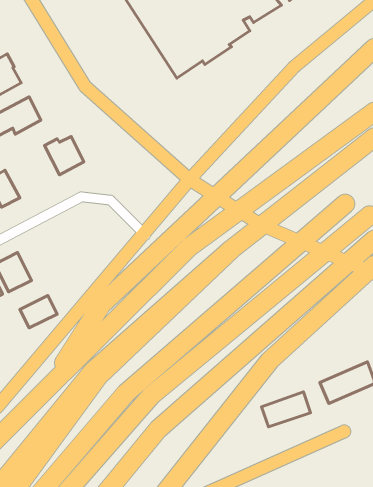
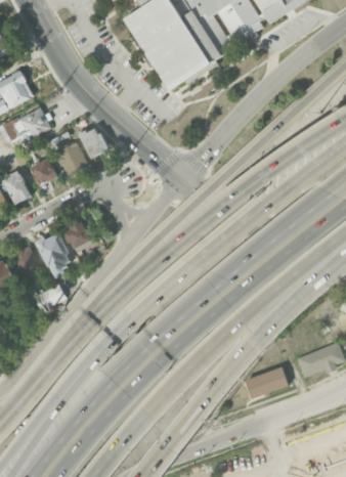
building: none -> [78,127,110,158]
building: none -> [30,158,57,185]
building: none -> [61,217,90,248]
building: none -> [36,232,69,269]

